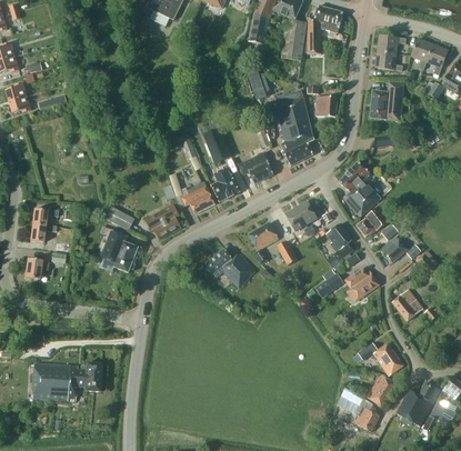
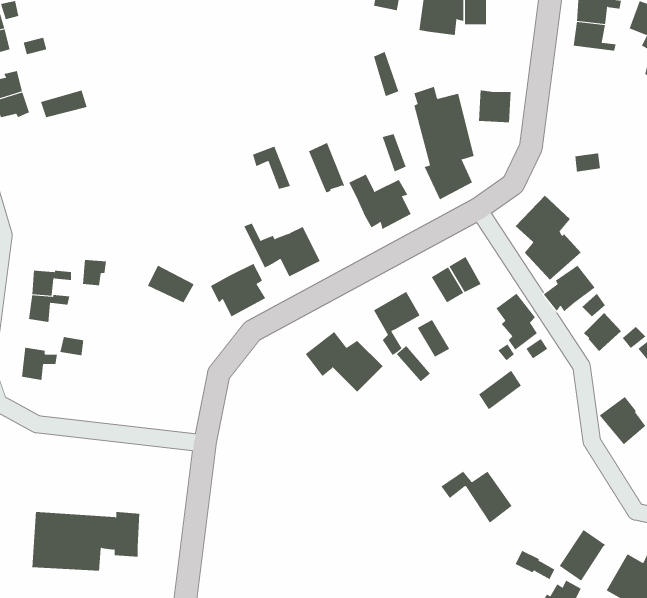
building: [370,81,403,120] -> none
building: [212,168,240,201] -> none
building: [100,229,139,272] -> none
building: [345,267,380,299] -> none
building: [358,342,403,375] -> [441,471,512,523]

